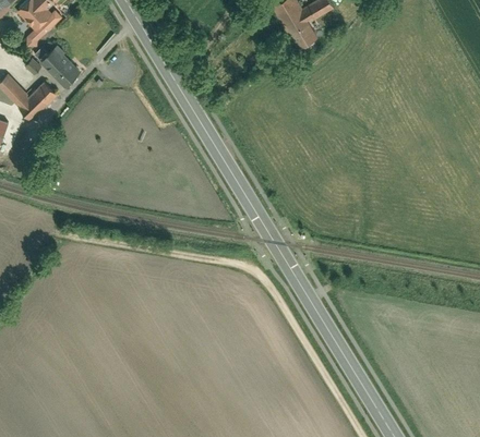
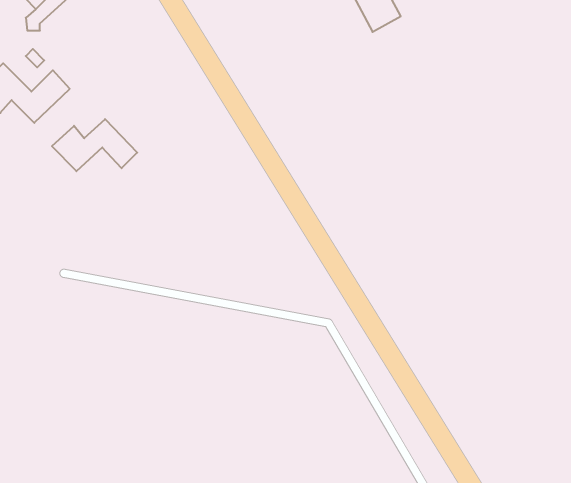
building: [41,47,81,87] -> none
building: none -> [52,119,137,171]

